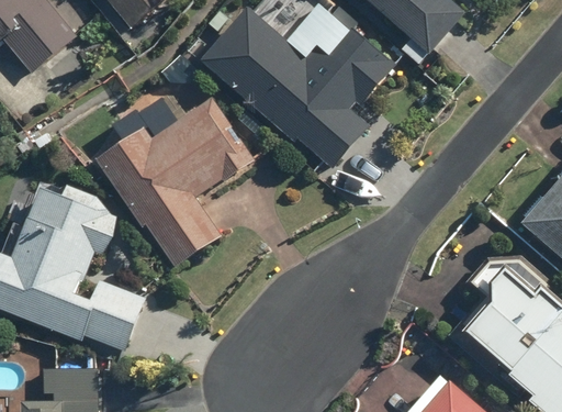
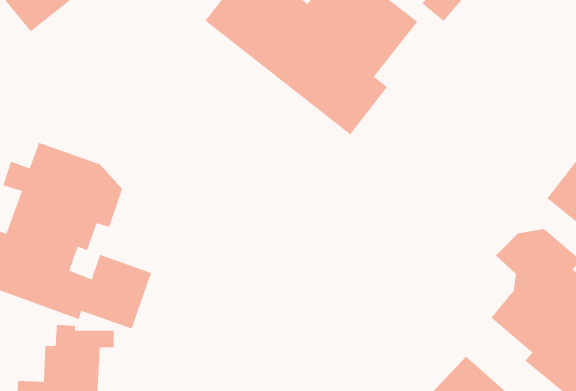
building: [93,97,257,267] -> none

